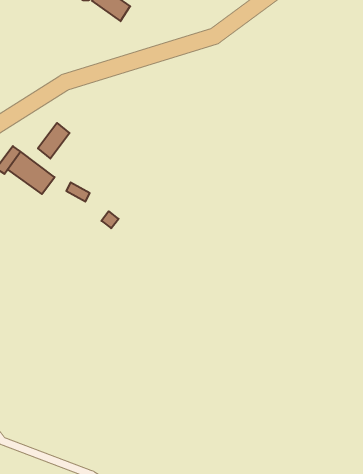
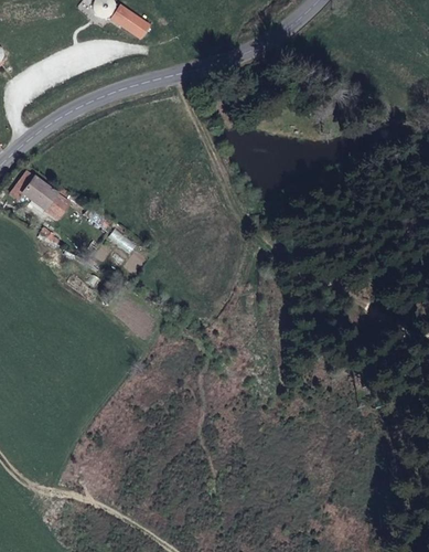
building: [38,123,70,159] -> none

